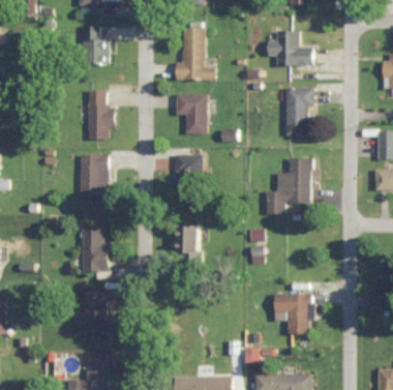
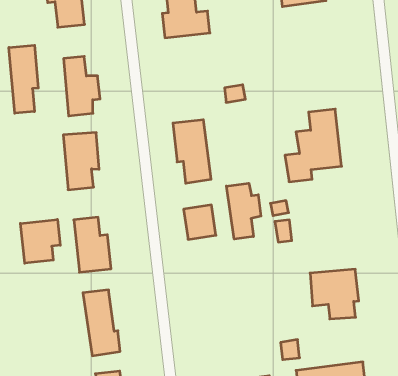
building: none -> [9,45,38,113]
building: [284,87,313,136] -> none
building: [175,93,206,133] -> none
building: none -> [226,183,261,239]
building: none -> [20,219,60,263]

